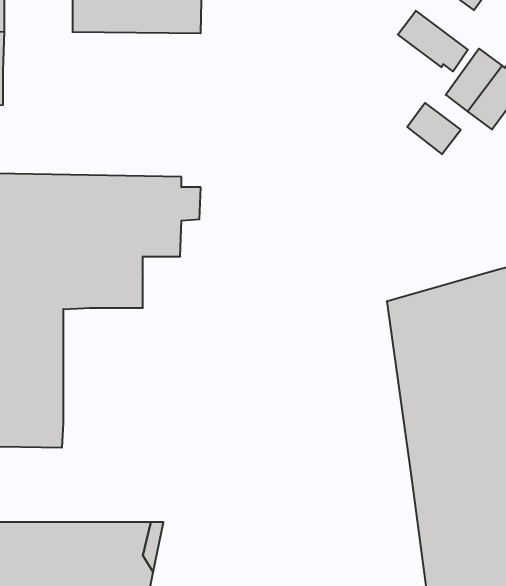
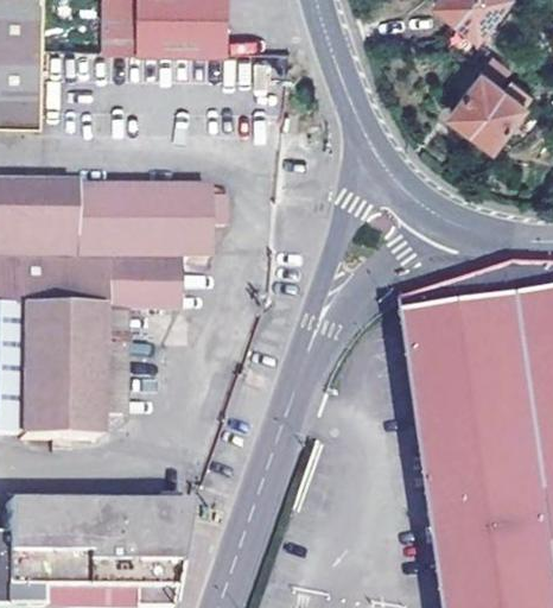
building: [398,11,468,71] -> none
building: [407,103,461,154] -> none
building: none -> [97,308,122,414]

